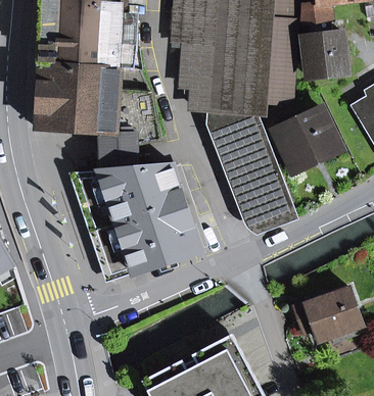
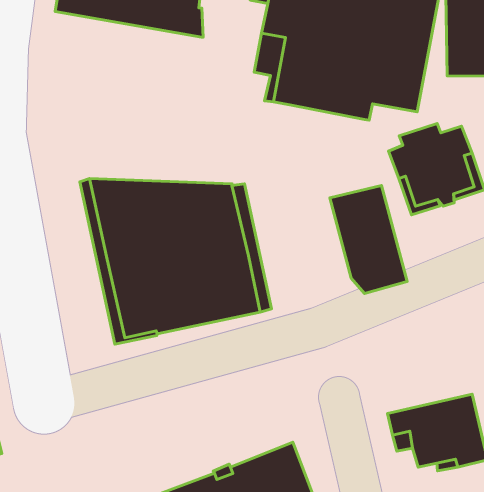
building: [35,62,158,163] -> none
building: [204,107,271,233] -> none

